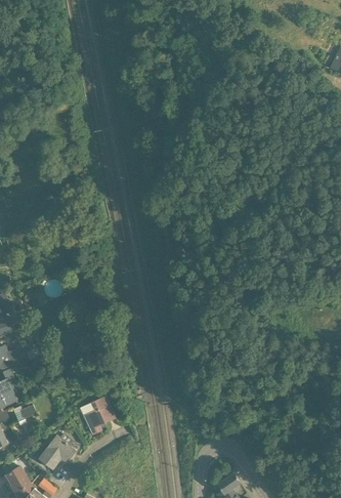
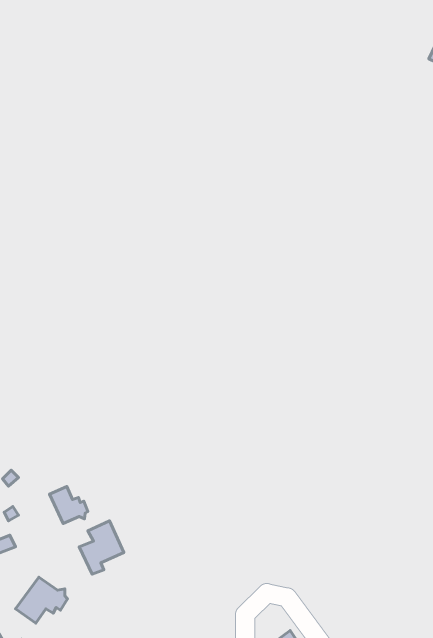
building: none -> [49,486,88,523]

